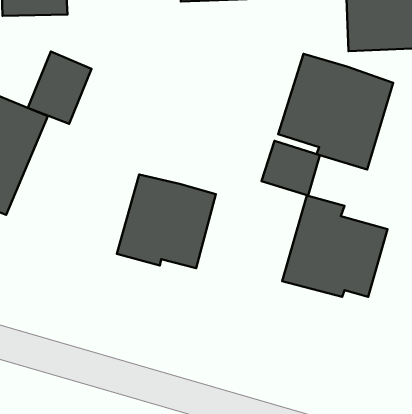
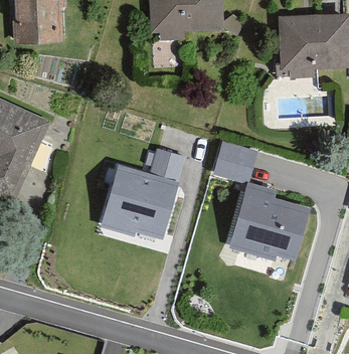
building: [28,51,91,124] -> none
building: [278,54,393,169] -> none
building: none -> [149,147,185,181]

